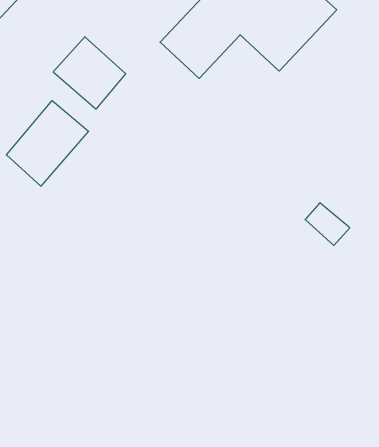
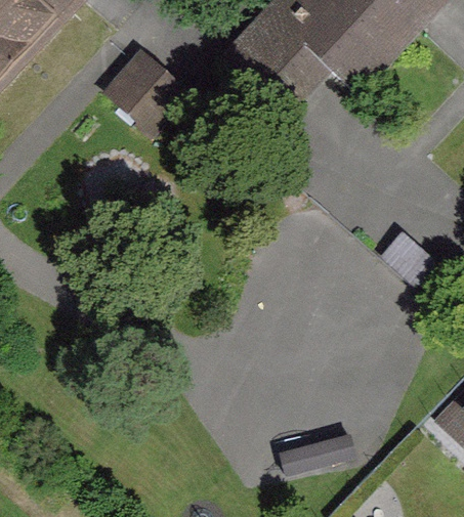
building: [6,101,89,186] -> none

